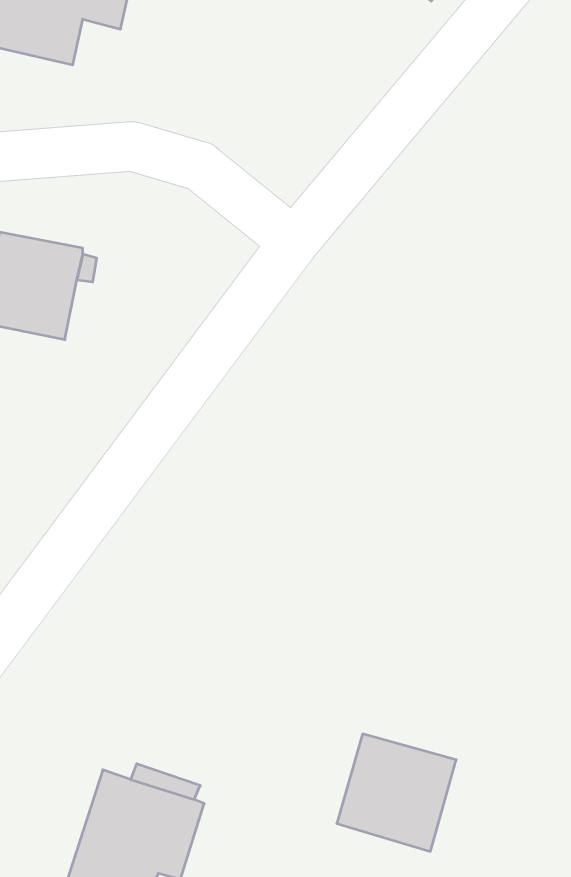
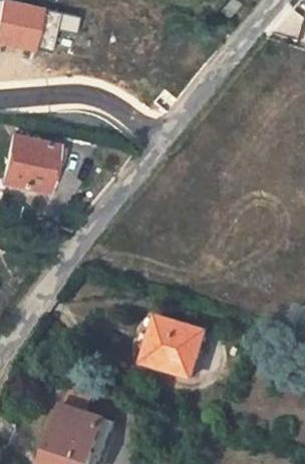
building: [337,734,456,851] -> [139,318,200,377]

